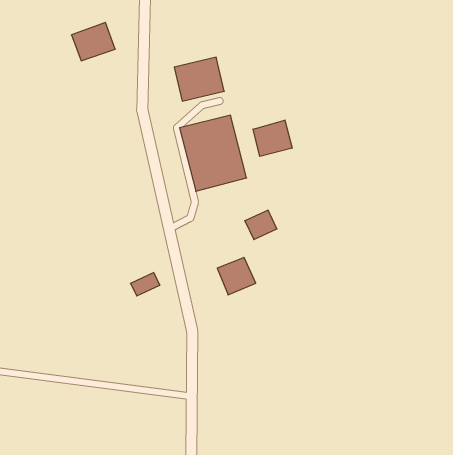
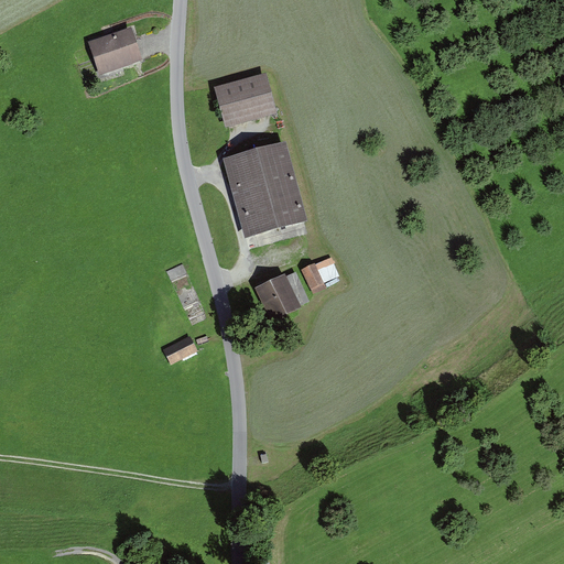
building: [253,120,292,156] -> none
building: [217,257,256,295] -> [253,271,301,317]

